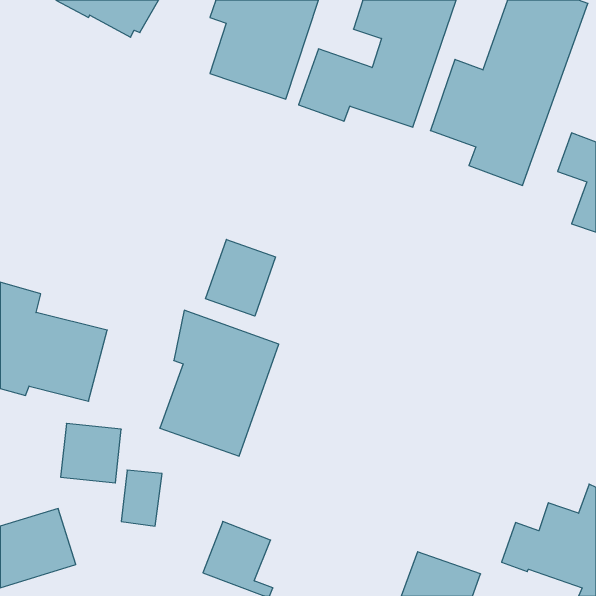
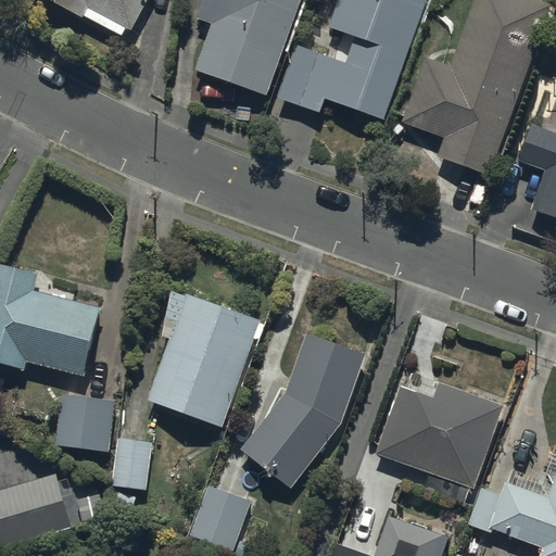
building: [206,239,276,316] -> none
building: none -> [242,331,365,486]
building: none -> [376,381,504,504]

